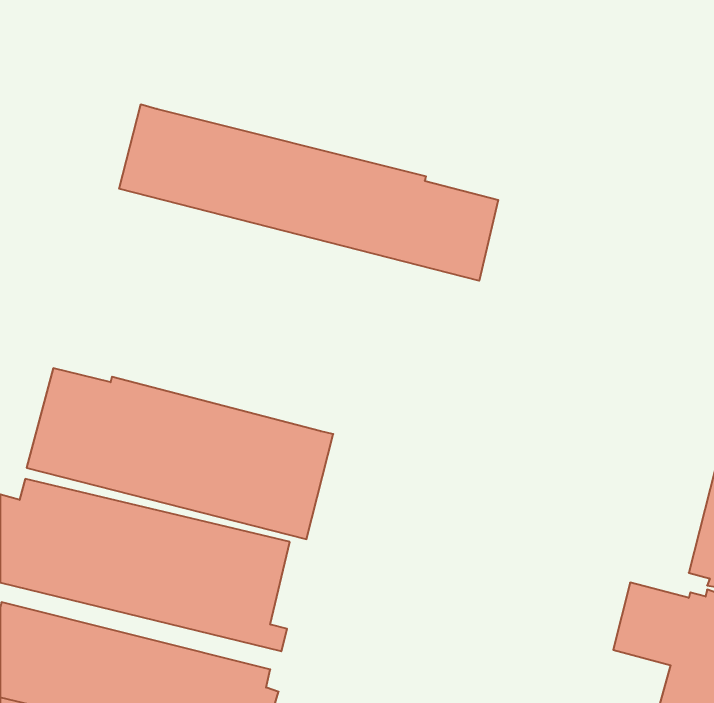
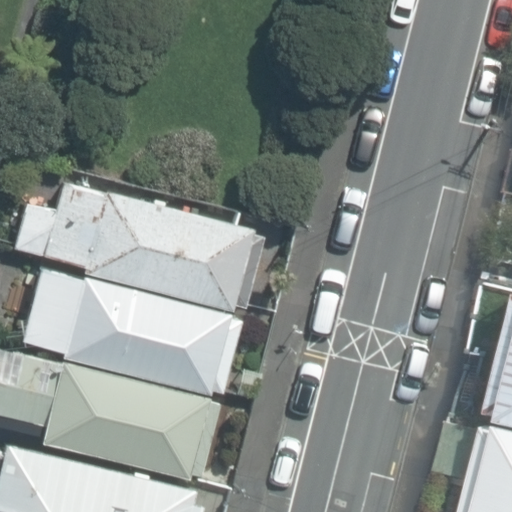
building: [119,104,498,281] -> none
building: none -> [14,188,262,317]

